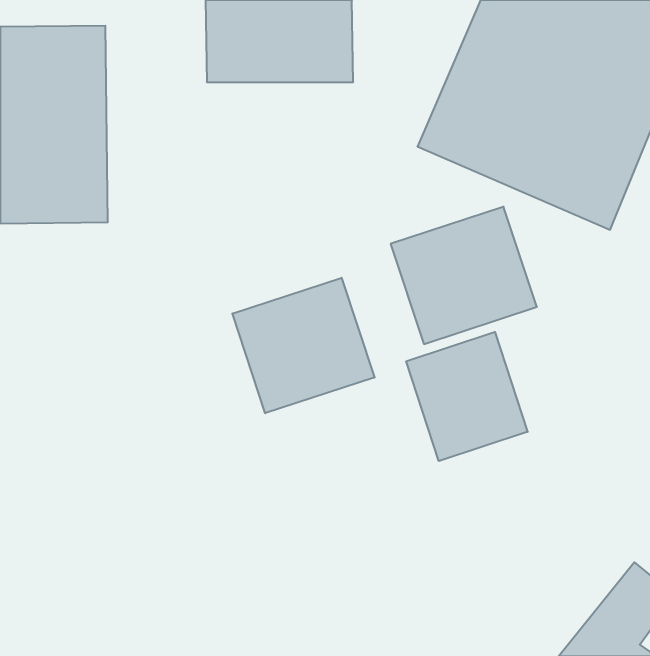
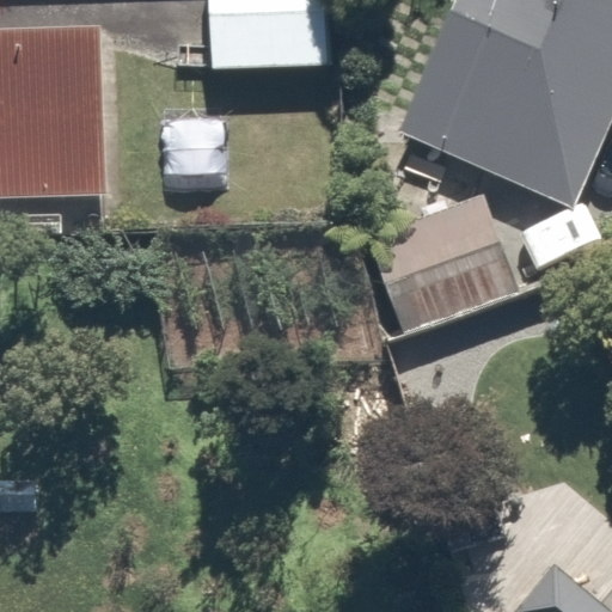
building: [232,278,375,413] -> none
building: [406,332,528,461] -> none

